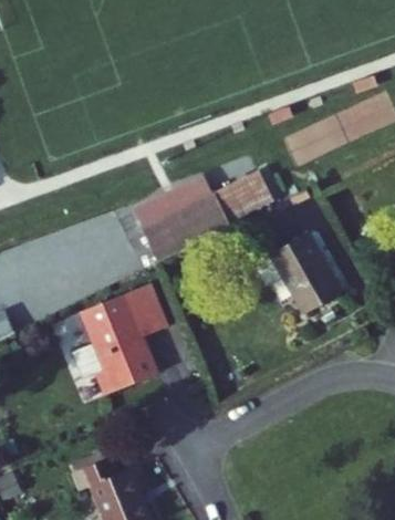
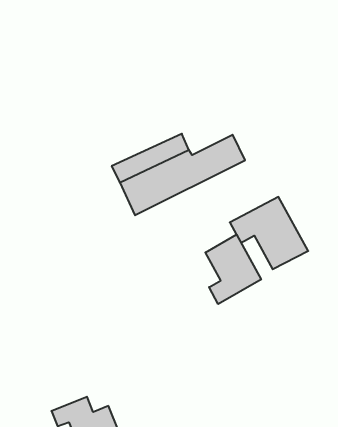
building: none -> [205,234,261,304]
building: [72,284,157,395] -> none

